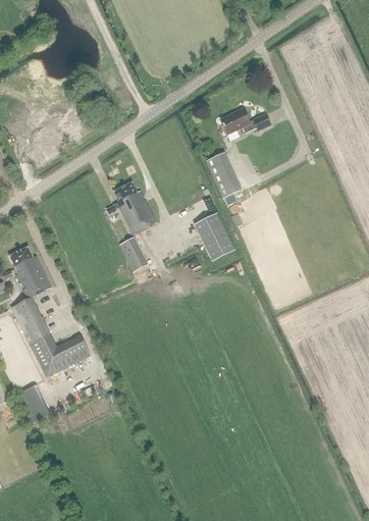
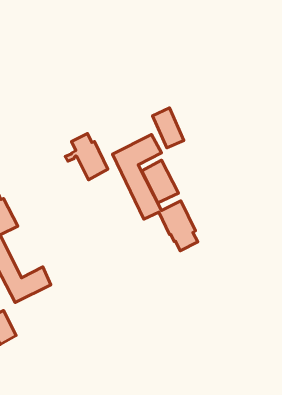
building: [220,108,271,134] -> none
building: none -> [112,135,198,251]
building: [119,237,148,271] -> none

